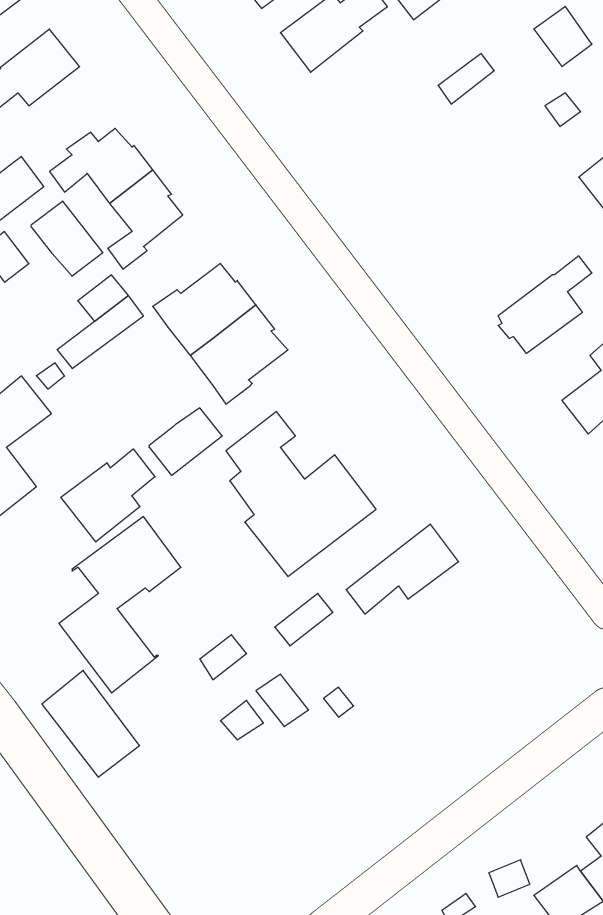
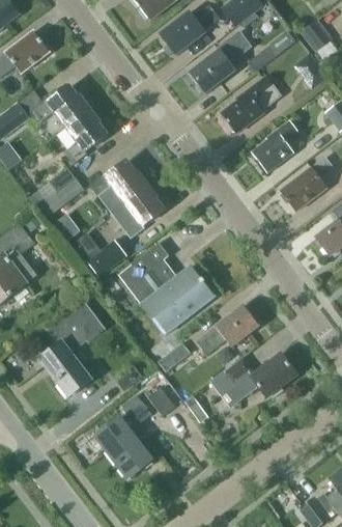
building: none -> [191,32,252,92]
building: none -> [222,75,281,132]
building: none -> [252,119,298,171]
building: [31,201,103,276] -> none
building: [61,449,155,542] -> none
building: none -> [212,353,297,403]
building: [42,670,140,777] -> [97,417,151,476]

